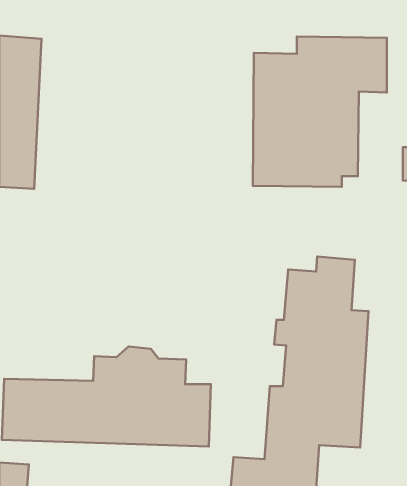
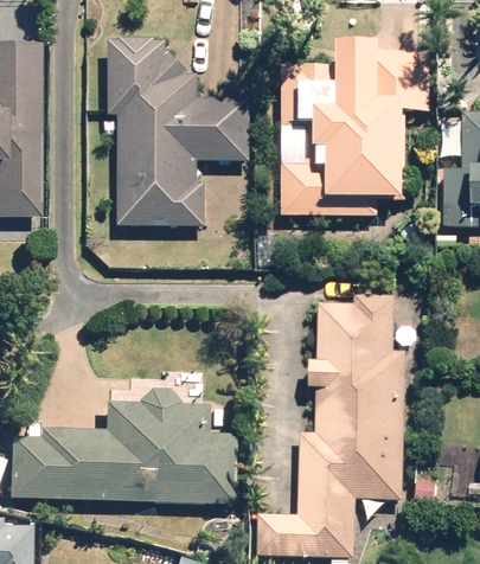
building: none -> [107,38,248,229]

